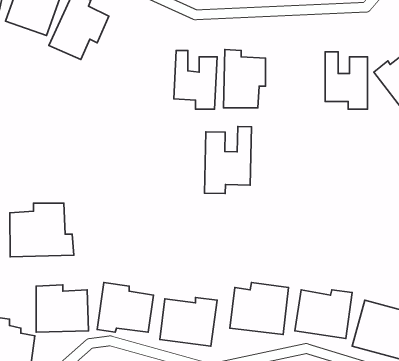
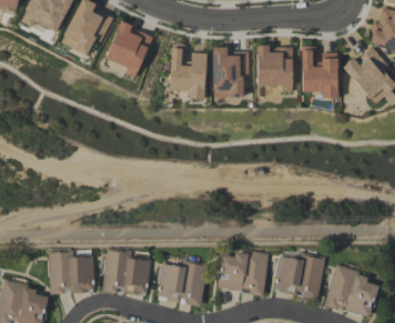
building: none -> [105,21,153,77]
building: none -> [256,43,293,91]
building: [204,126,251,194] -> none
building: [10,203,74,257] -> none

